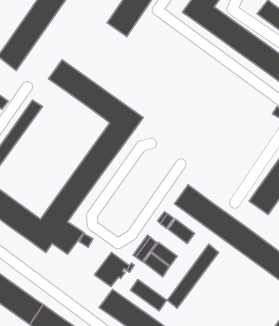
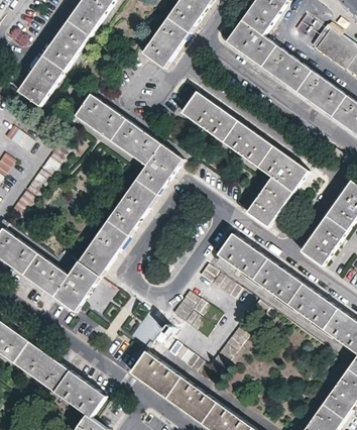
building: none -> [182,92,307,228]

